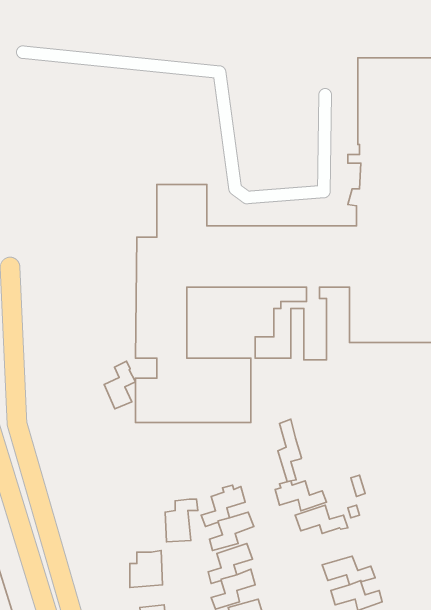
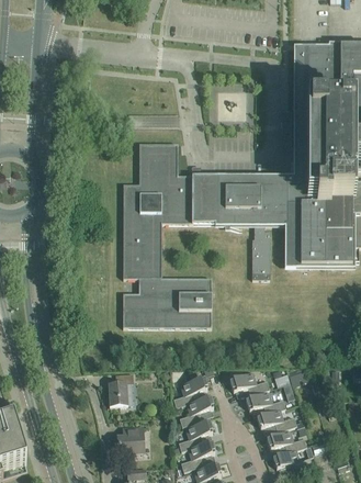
building: [104,361,135,409] -> none
building: [278,419,302,482] -> none
building: [165,499,198,542] -> [109,373,134,406]
building: none -> [257,408,297,431]

